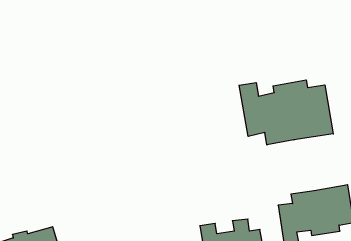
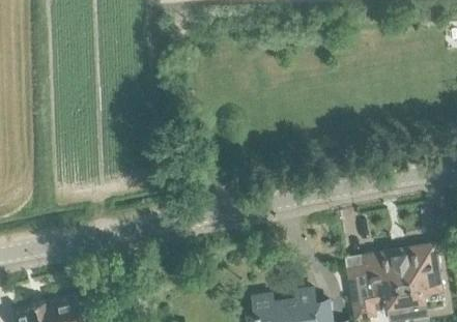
building: [239,80,333,145] -> none

